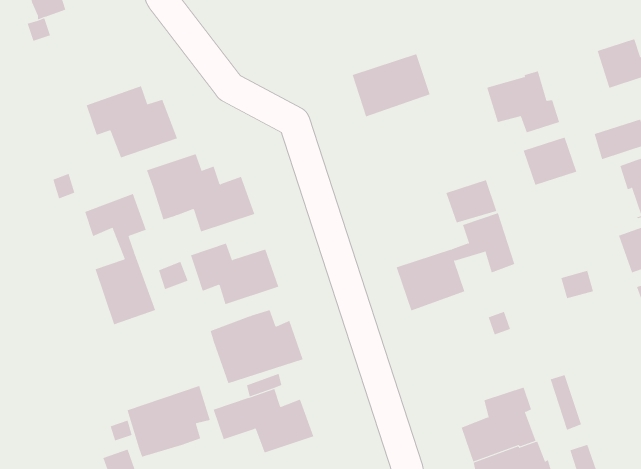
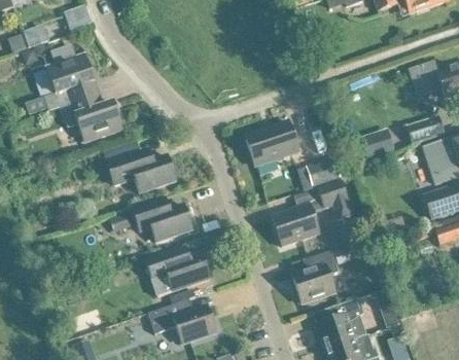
building: none -> [44,43,99,110]
building: [352,54,431,117] -> [245,121,298,165]
building: [486,71,560,133] -> none
building: [85,193,156,325] -> none
building: none -> [292,250,339,302]
building: [127,385,211,457] -> none

